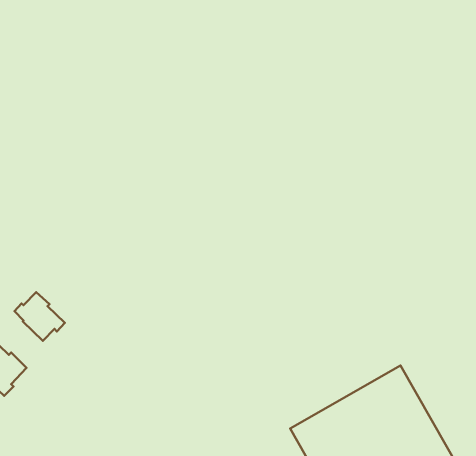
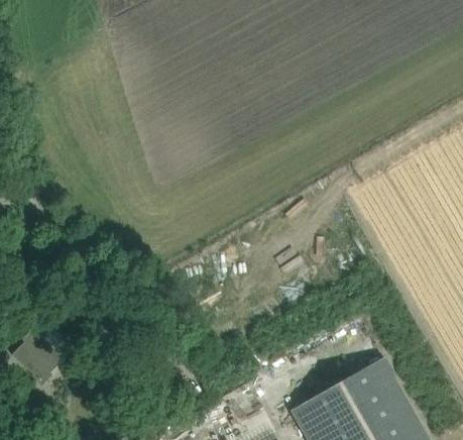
building: [14,292,65,341] -> none

